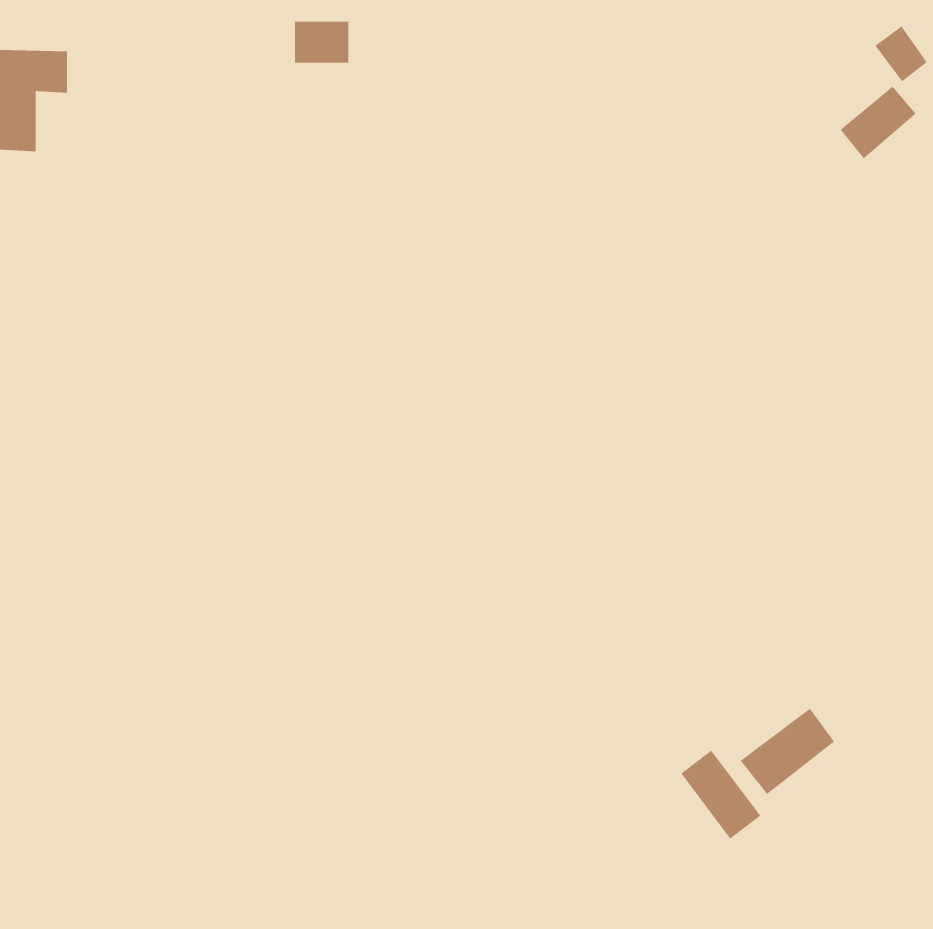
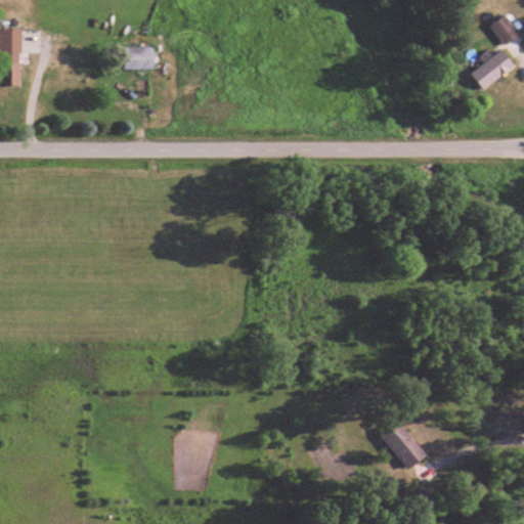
building: [294,21,349,63] -> [125,46,156,70]
building: [740,708,835,795] -> none

